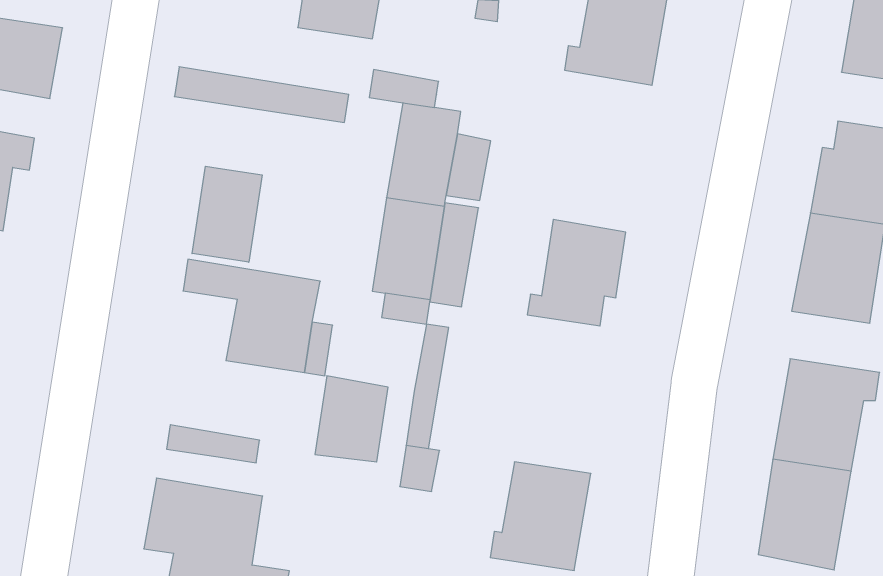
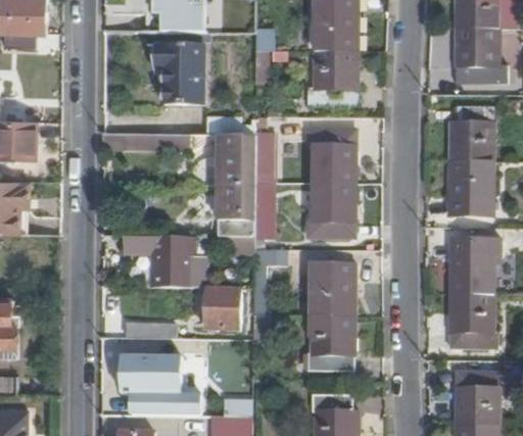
building: none -> [308,131,353,185]
building: [192,166,262,262] -> none
building: none -> [313,263,354,317]

